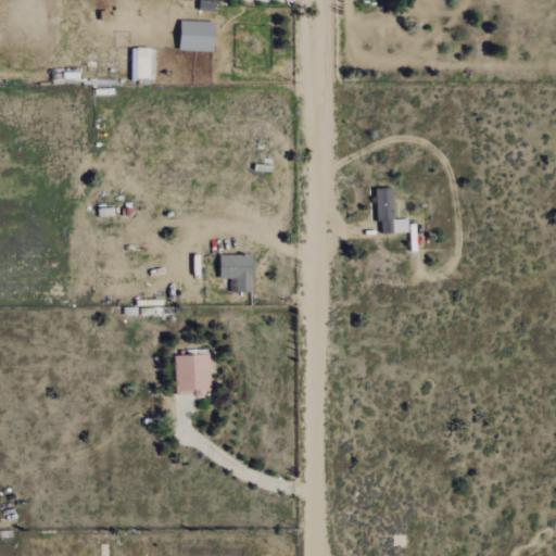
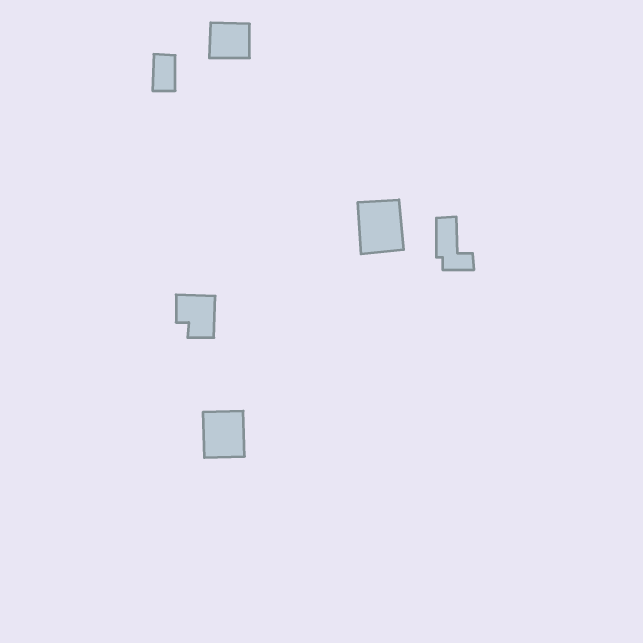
building: none -> [358,200,404,254]
building: [222,254,255,291] -> [176,295,215,338]

